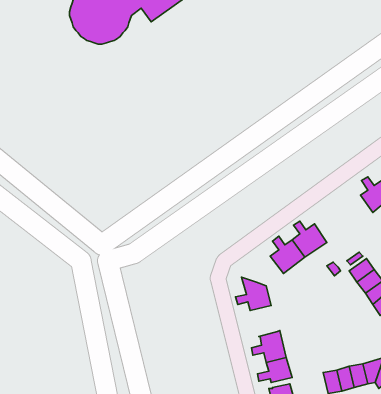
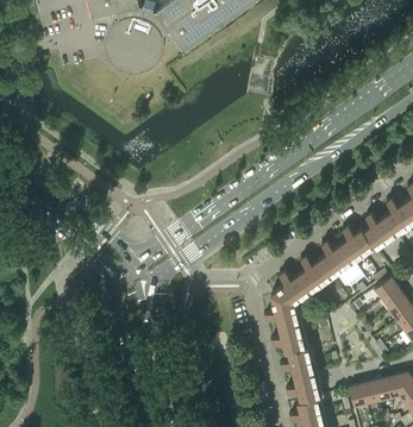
building: none -> [365,212,398,244]
building: none -> [342,225,375,260]
building: none -> [271,270,312,302]
building: none -> [271,321,306,352]

